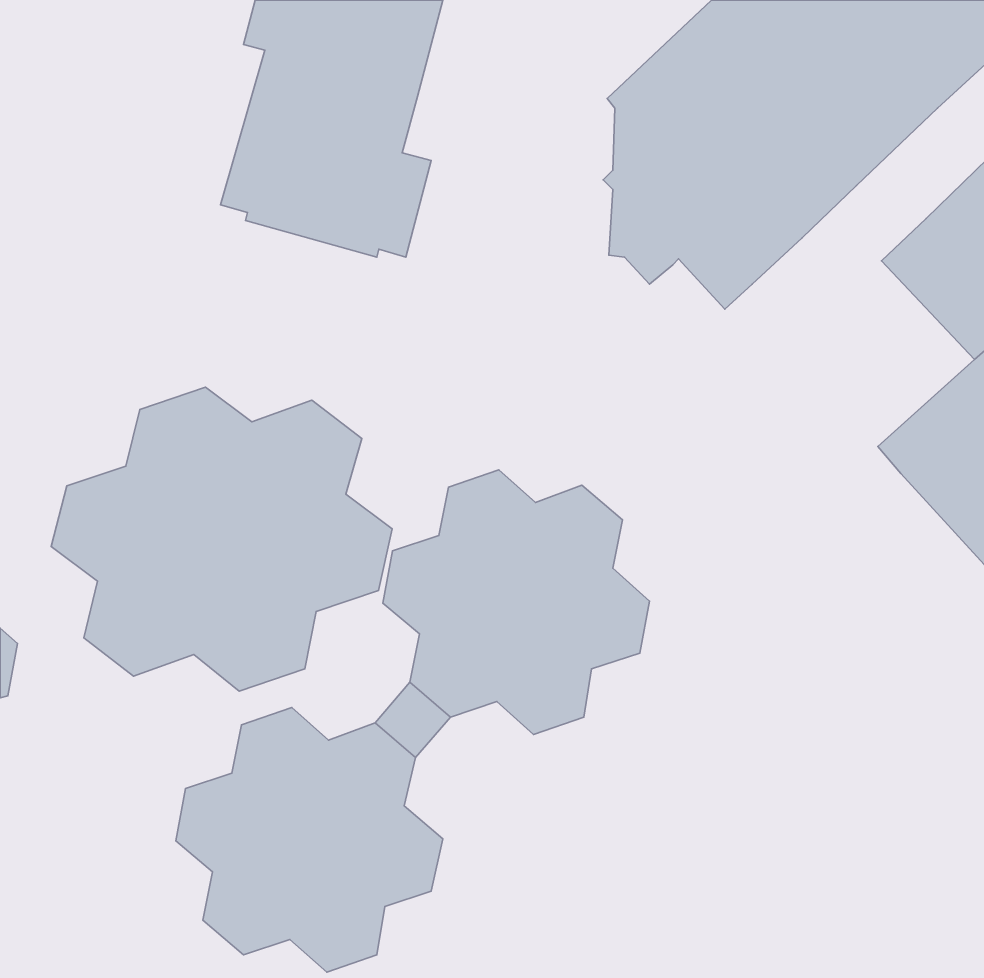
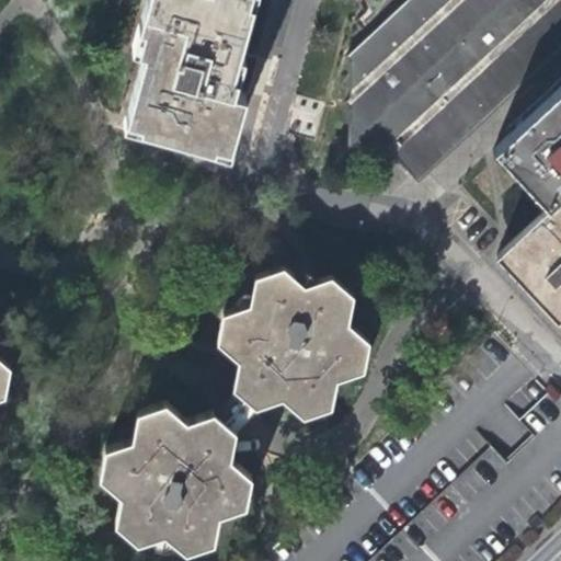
building: [51,387,392,691] -> none

